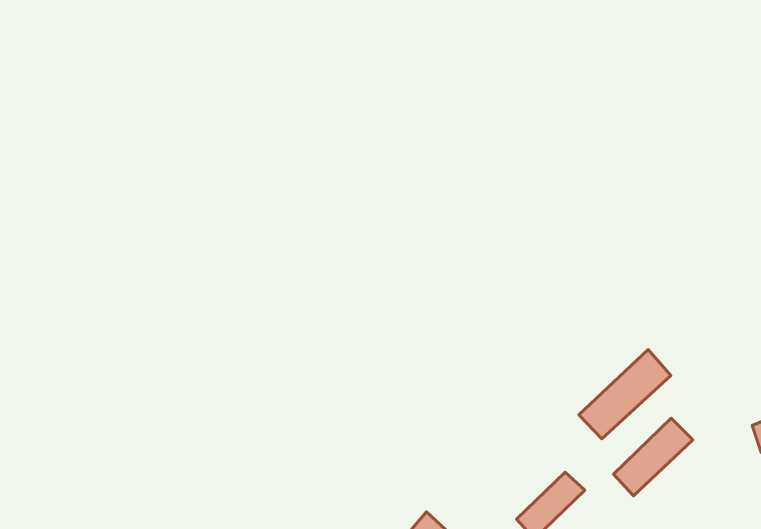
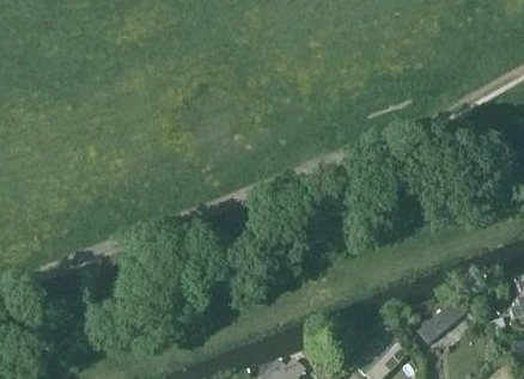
building: [579,350,671,439] -> none

